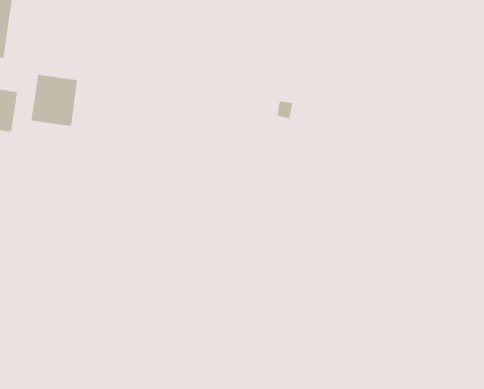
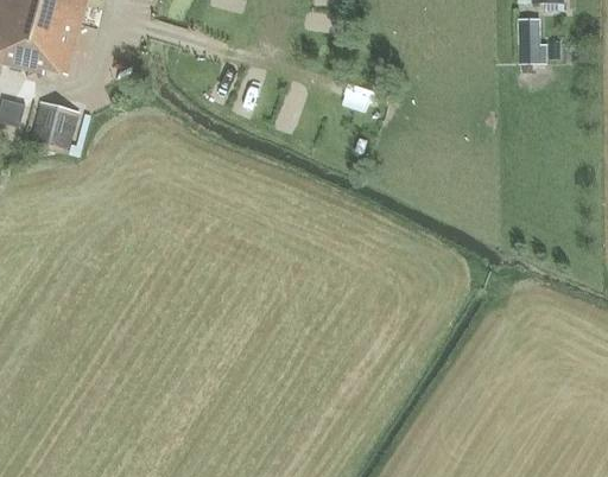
building: [31,74,78,127] -> none

